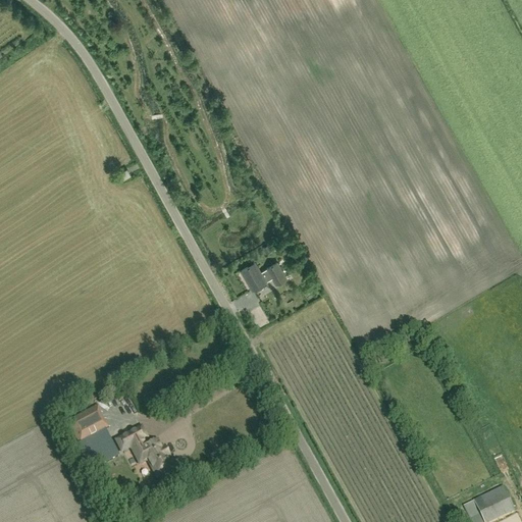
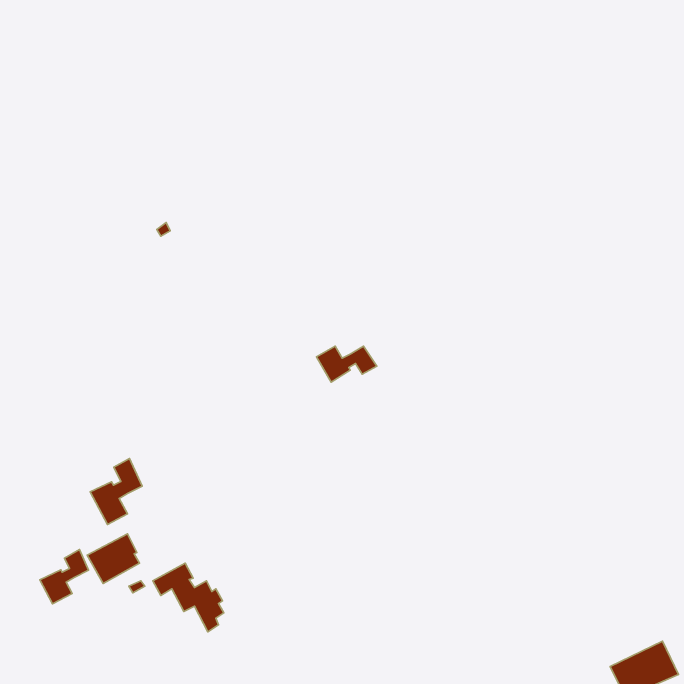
building: none -> [90,458,142,525]
building: none -> [40,550,89,604]

